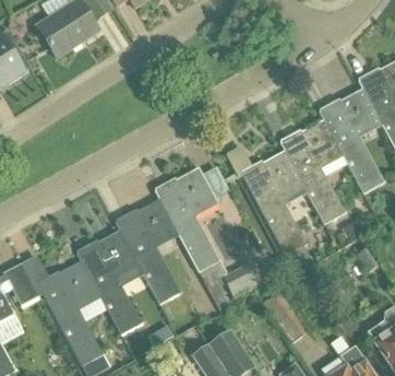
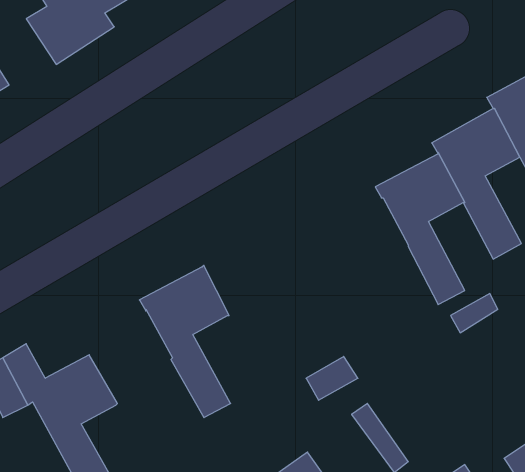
building: [241,150,302,254] -> none
building: [155,166,231,309] -> none
building: [76,227,140,333] -> none

